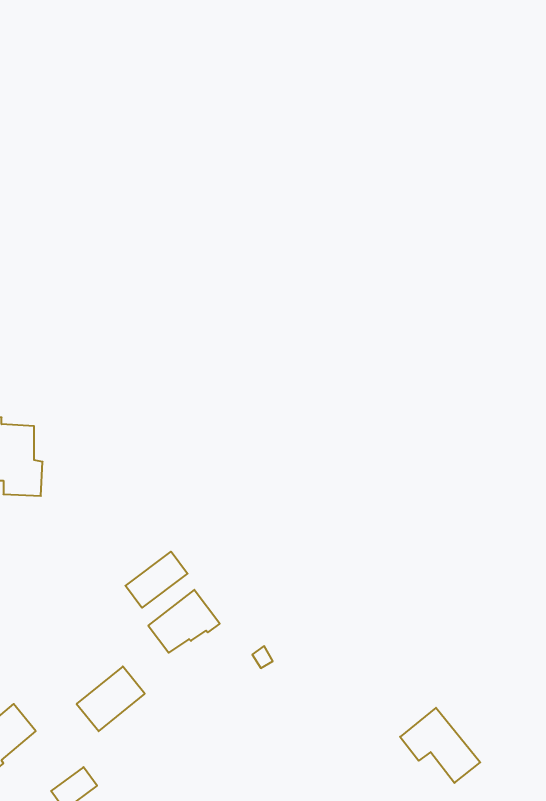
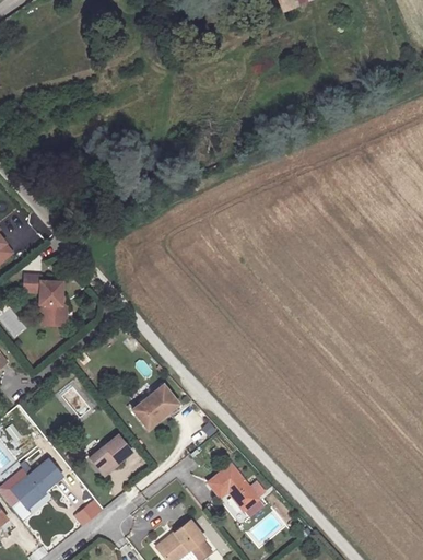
building: [125,552,188,608] -> none
building: [400,708,480,783] -> [209,467,260,515]

